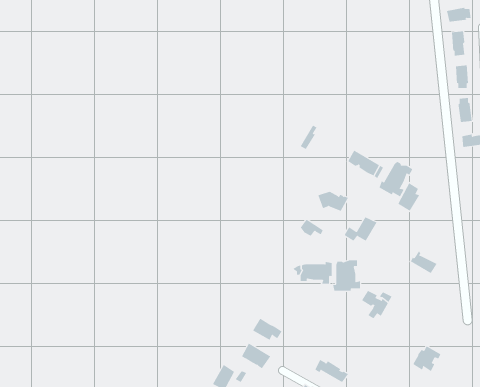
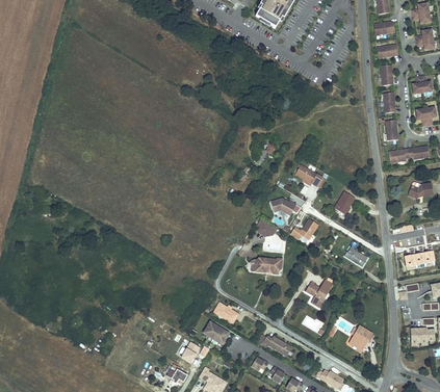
building: [379,161,413,197] -> none
building: [333,260,361,292] -> none

